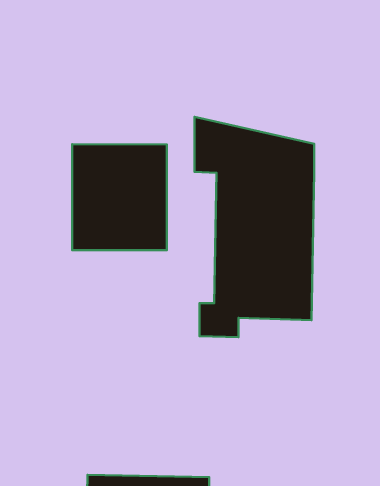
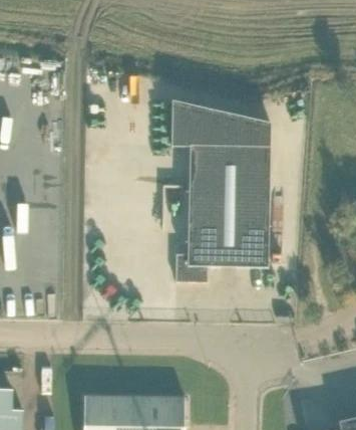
building: [72,144,167,250] -> none

